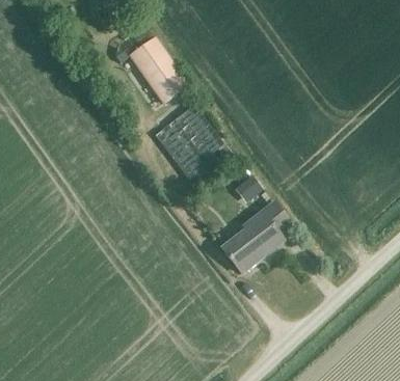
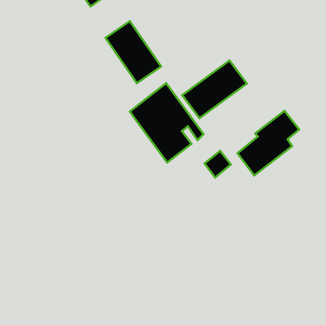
building: none -> [182,60,247,118]
building: [223,202,289,271] -> [237,111,299,176]

